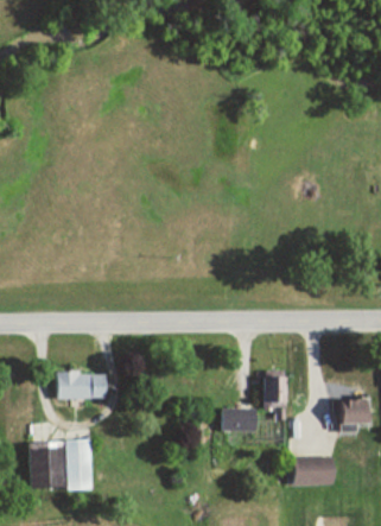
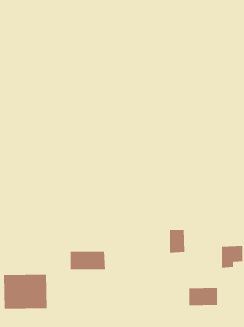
building: [56,372,107,398] -> [70,251,106,270]
building: [222,407,256,430] -> none

